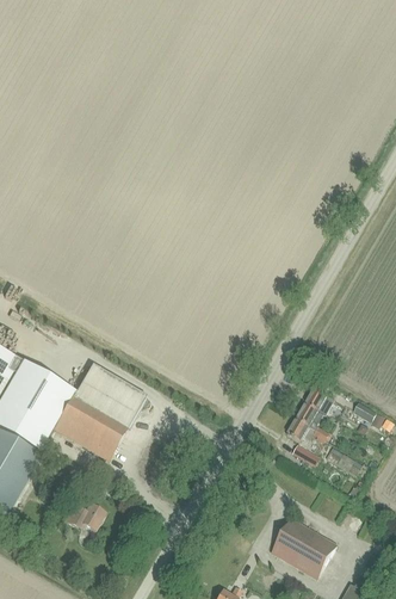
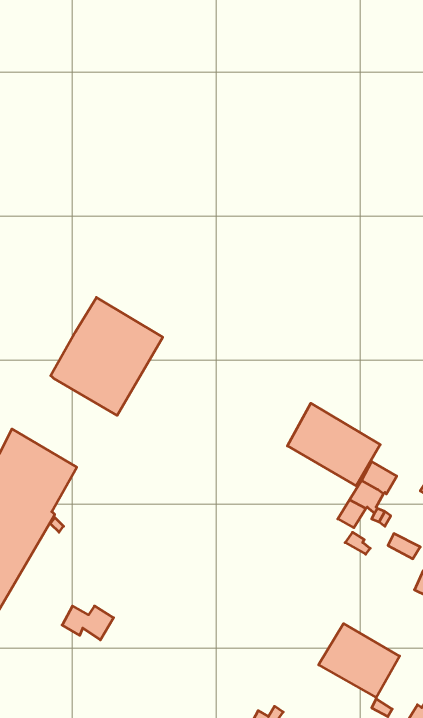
building: none -> [287,403,380,486]
building: [55,362,146,457] -> [51,297,163,415]

